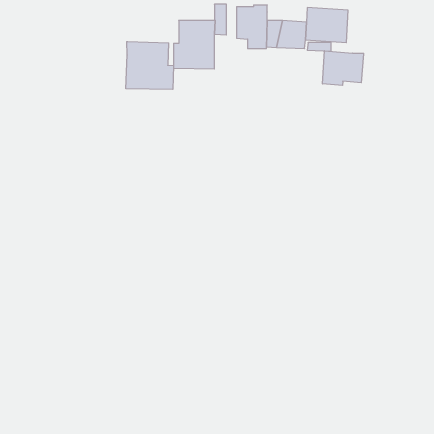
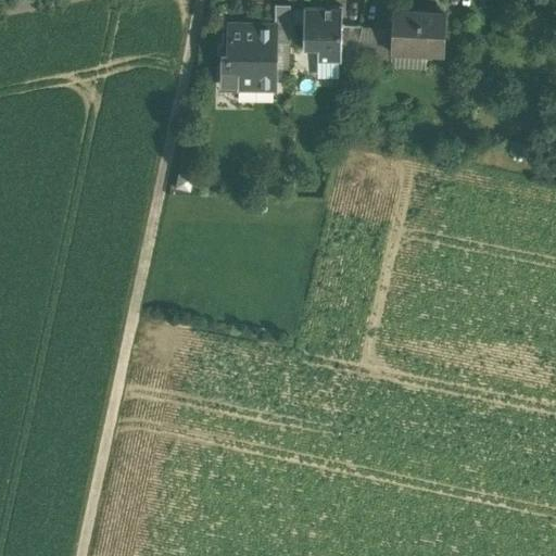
building: [126,42,174,89] -> none
building: [323,51,364,85] -> none

